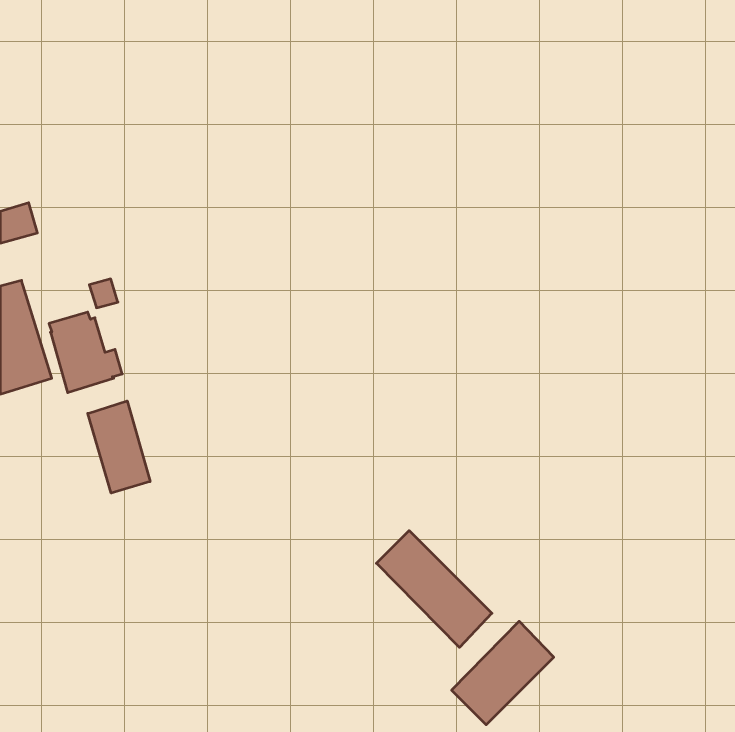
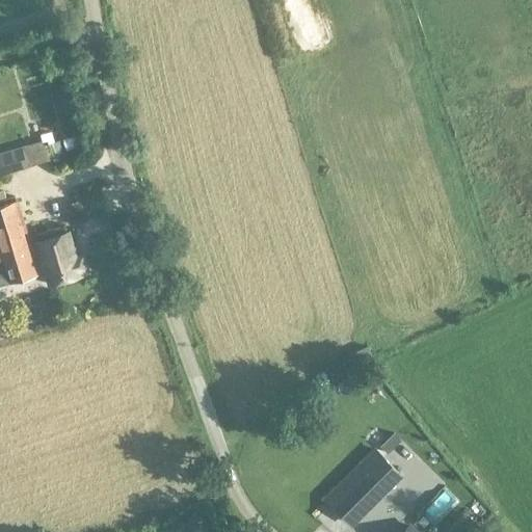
building: [88,401,150,493] -> none
building: [376,531,492,647] -> none

